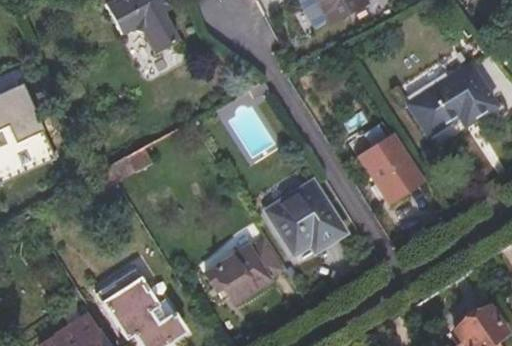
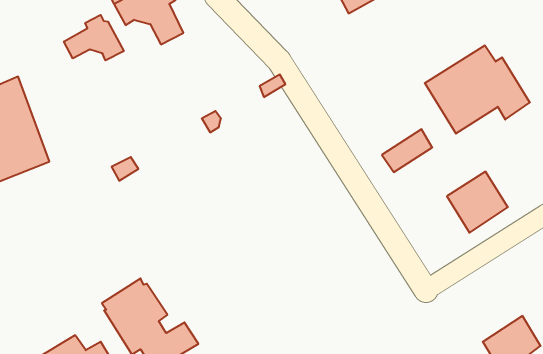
building: none -> [64,15,124,60]
building: [371,148,428,205] -> [447,172,508,233]
building: [267,182,346,254] -> none
building: [206,240,280,303] -> none

